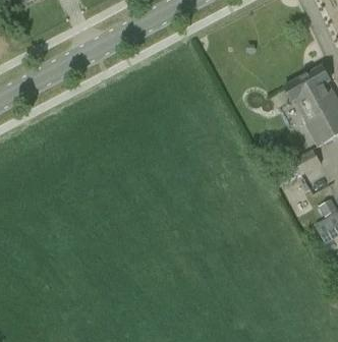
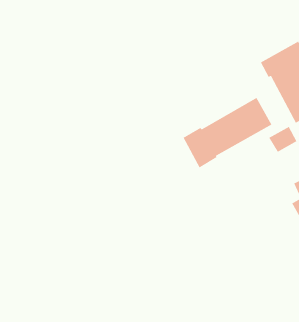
building: none -> [182,97,273,168]

